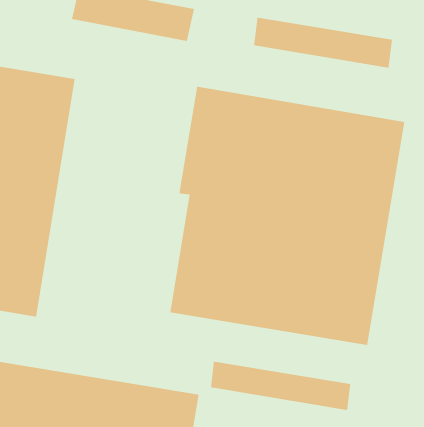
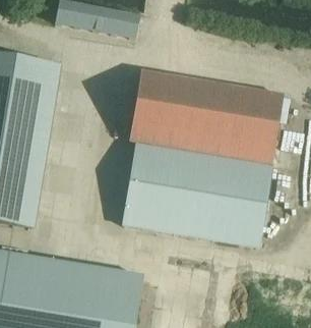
building: [254,17,392,68] -> none
building: [210,361,351,411] -> none

